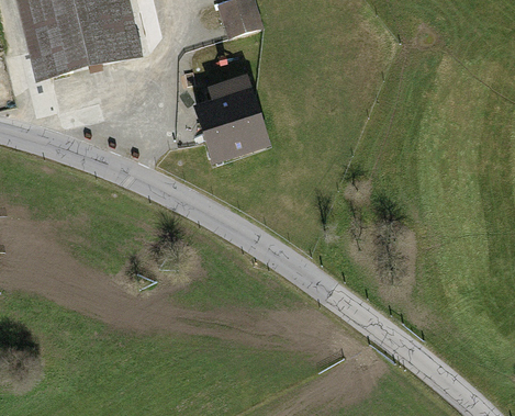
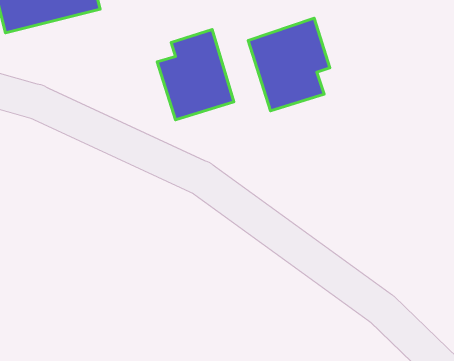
building: none -> [248,18,330,111]

